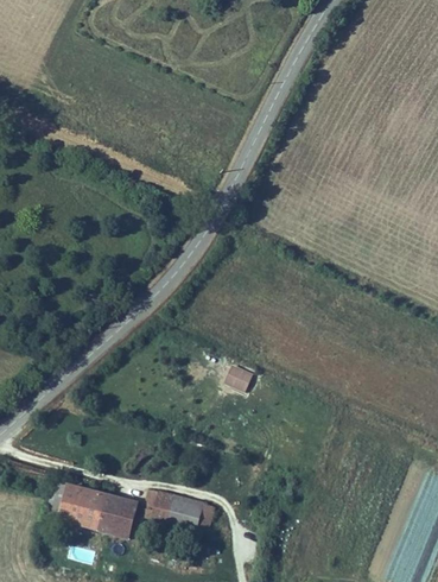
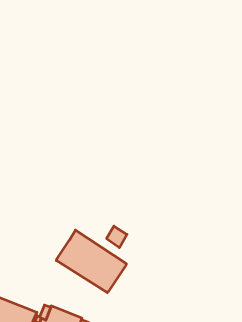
building: none -> [56,230,126,293]

